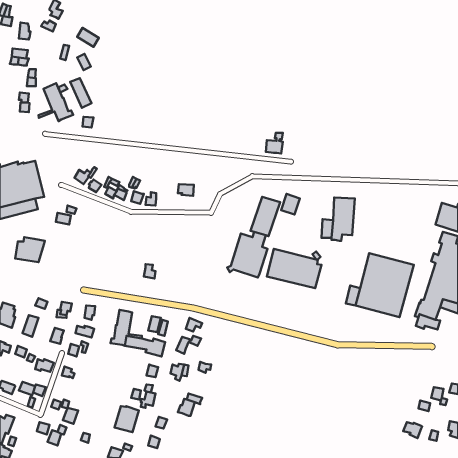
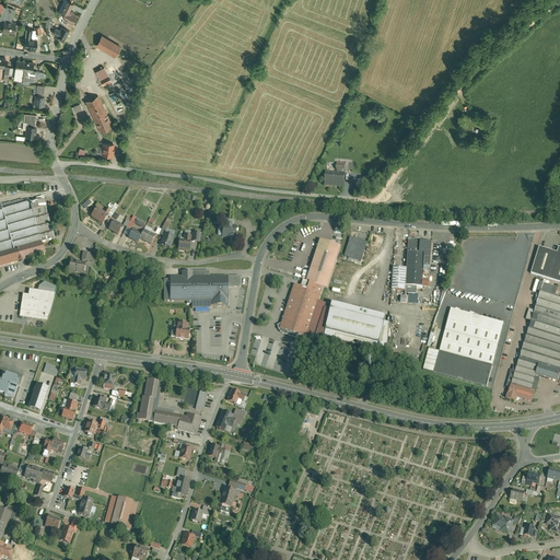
building: [38,83,73,121] -> none
building: none -> [168,271,240,307]
building: [115,406,139,432] -> [104,495,133,527]

